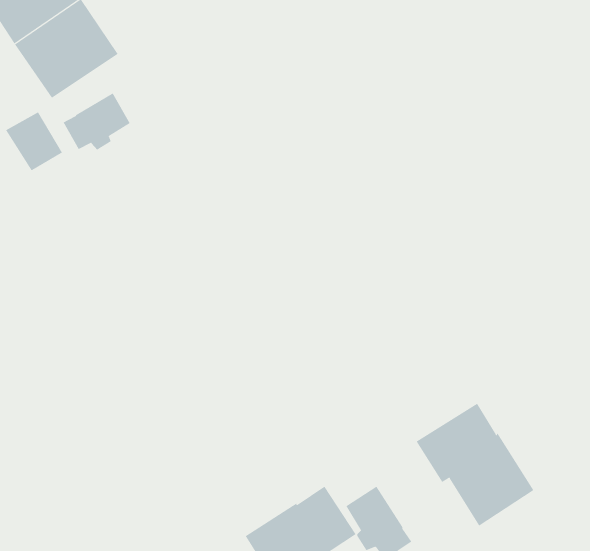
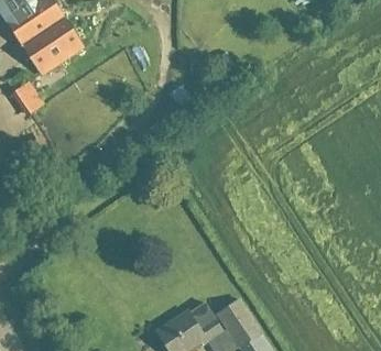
building: [63,92,131,151] -> none
building: [416,403,534,526] -> none

